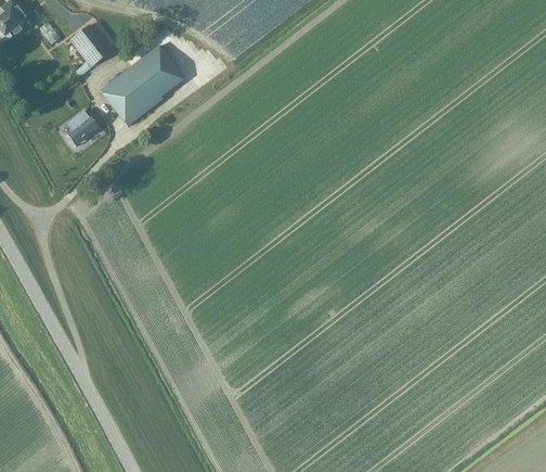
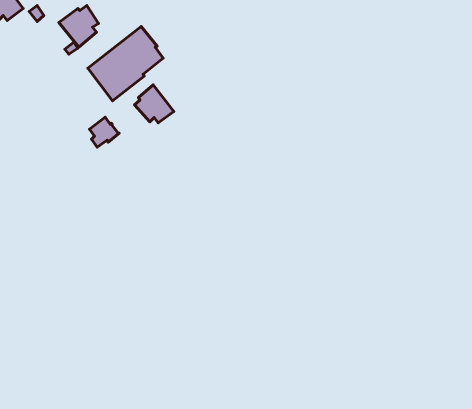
building: none -> [135,85,174,123]
building: [66,111,99,143] -> [89,117,119,147]

